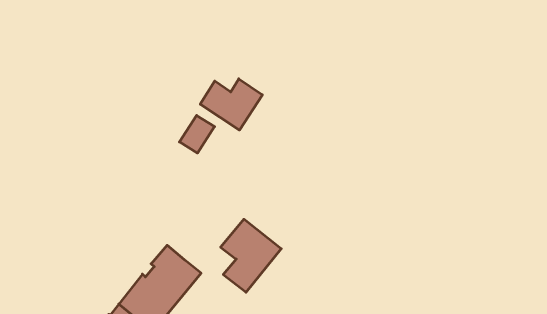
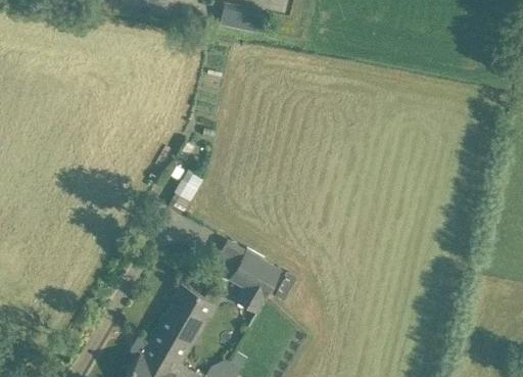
building: [200,79,262,130] -> none

